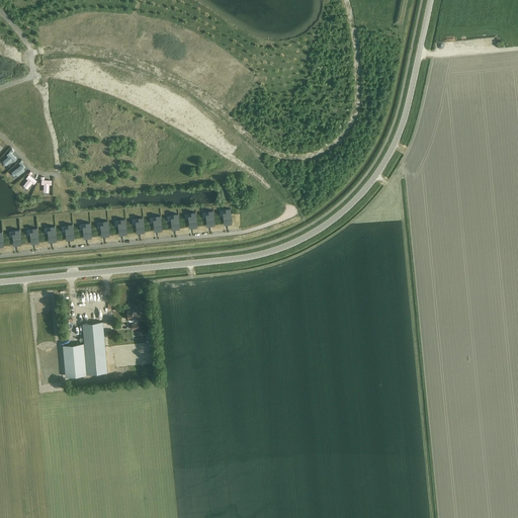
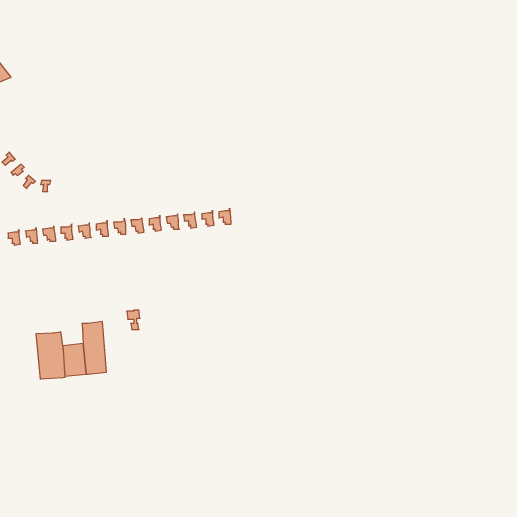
building: none -> [36,332,65,379]

